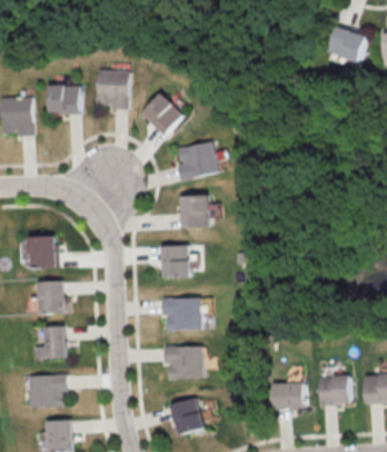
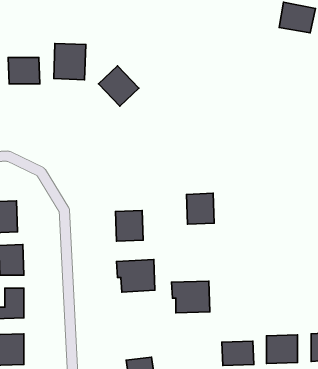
building: [178,140,220,180] -> none
building: [180,195,209,227] -> [186,193,214,224]
building: [163,345,204,379] -> [172,281,210,313]

